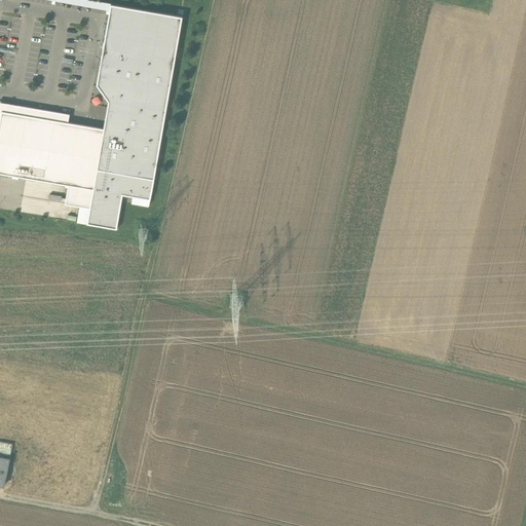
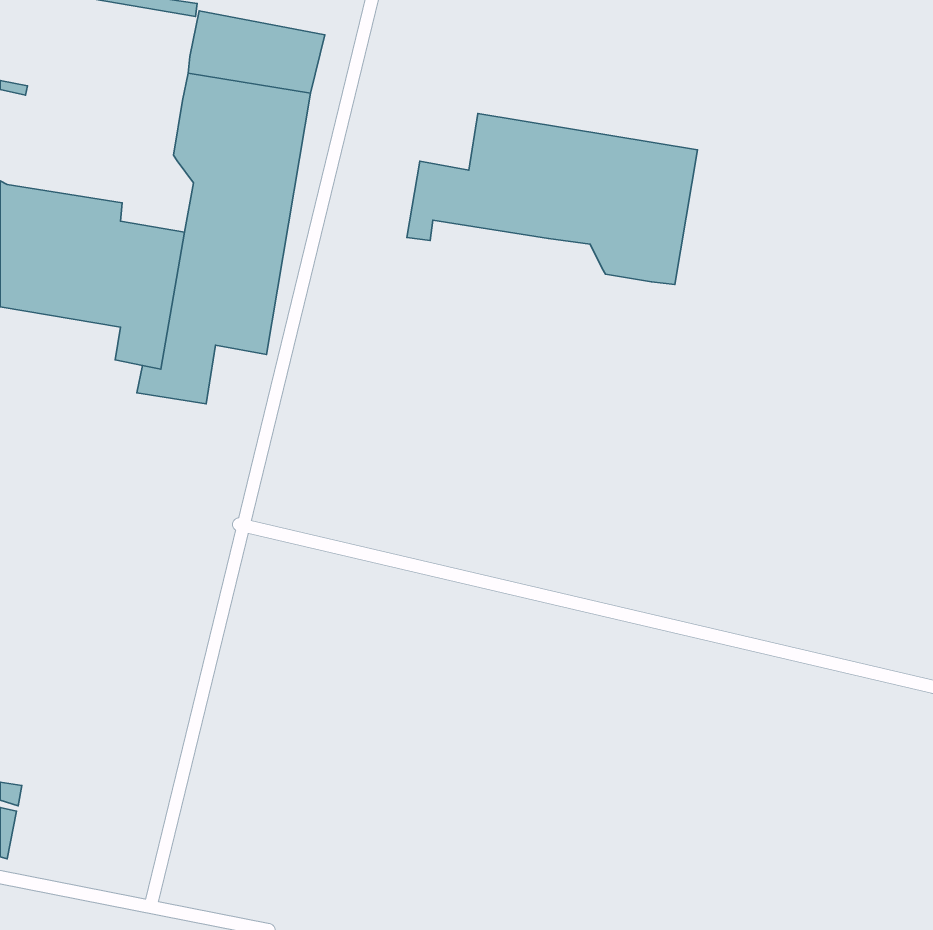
building: none -> [407,114,697,285]

